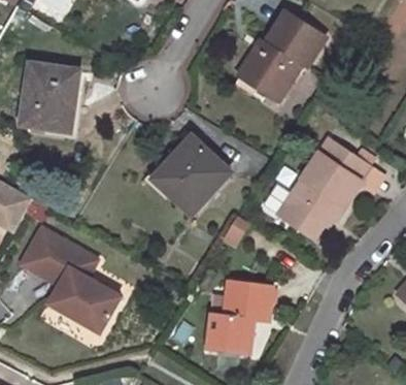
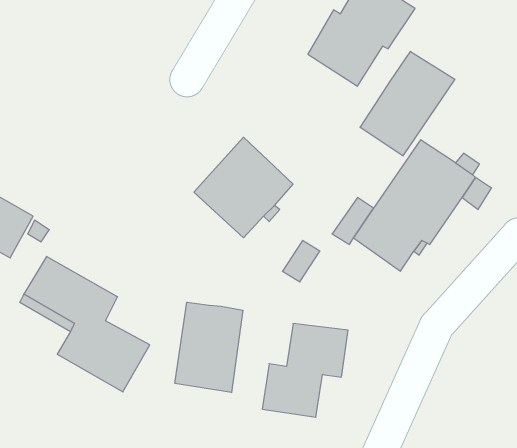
building: [22,64,78,131] -> none
building: none -> [360,51,455,156]
building: none -> [175,302,243,393]

